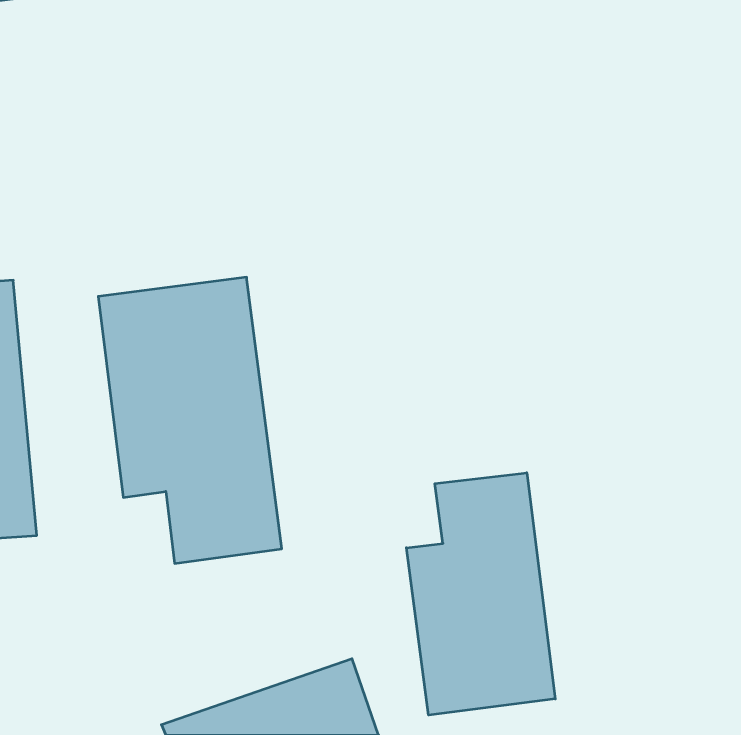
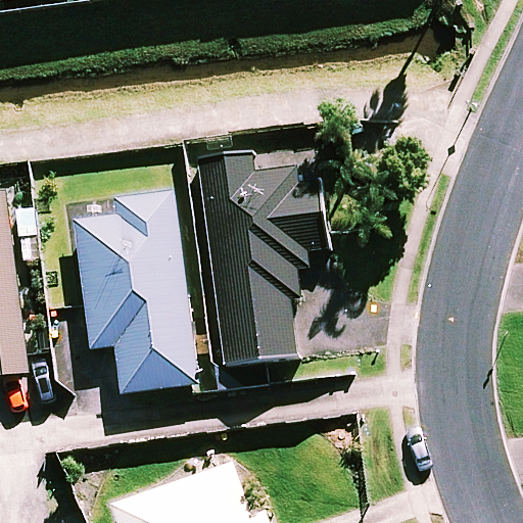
building: none -> [201,156,326,366]
building: [406,473,555,715] -> none

